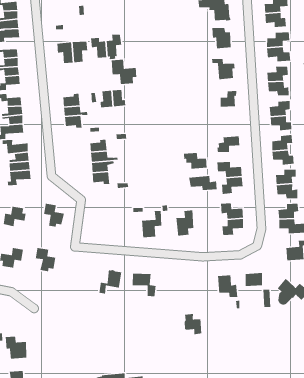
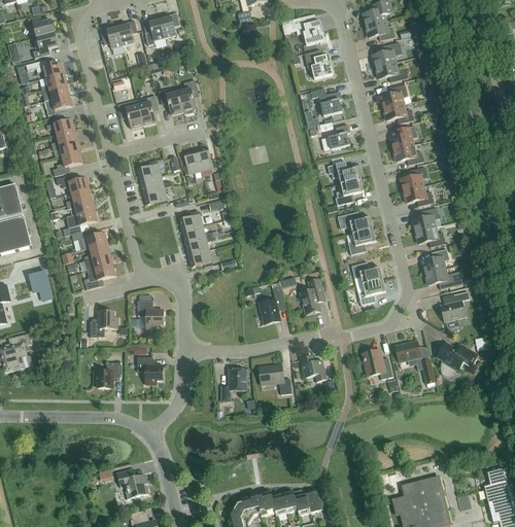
building: [111,59,137,85] -> none
building: [183,152,208,170] -> [327,161,359,183]
building: [188,175,218,191] -> none
building: [184,313,202,335] -> [300,354,325,381]

